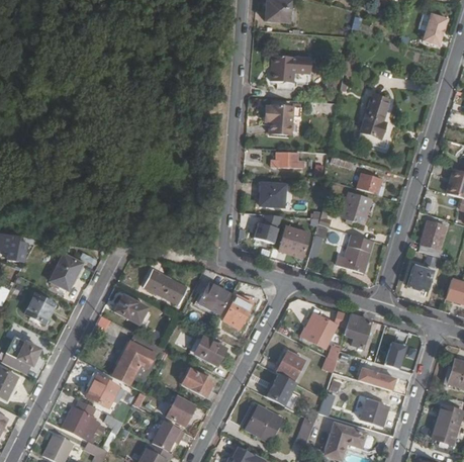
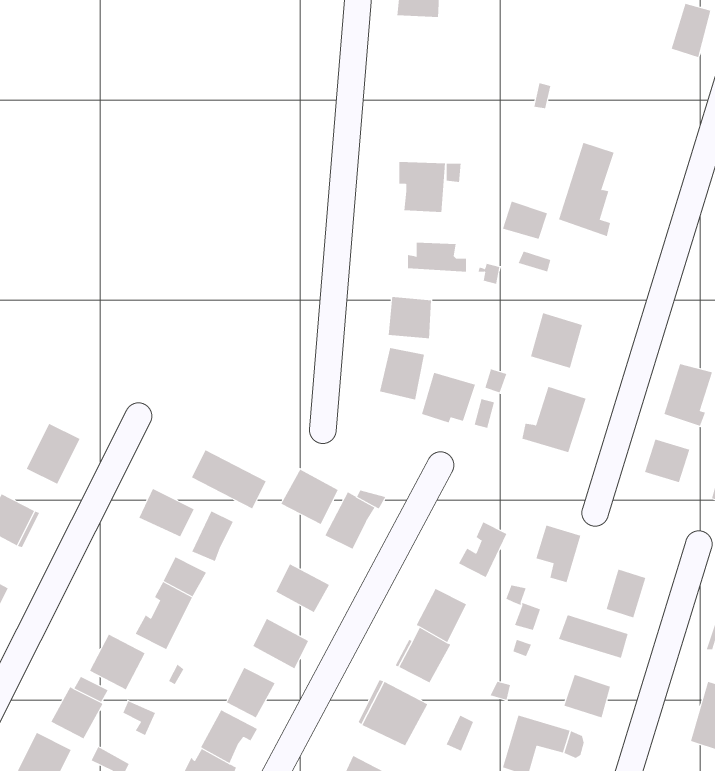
building: [270,55,312,88] -> none
building: [356,171,382,193] -> [502,201,548,239]
building: none -> [192,510,233,562]

